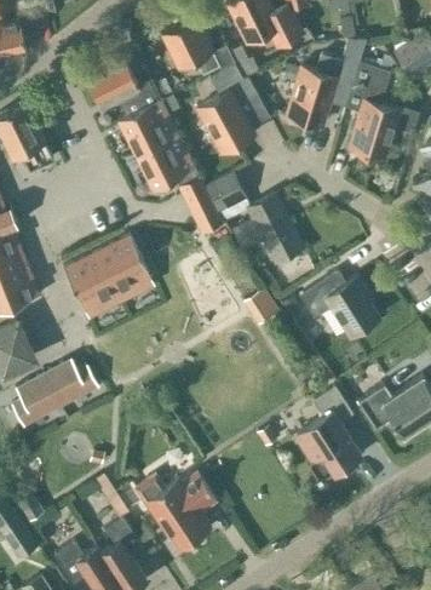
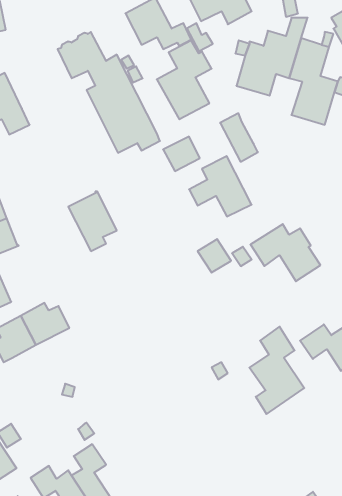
building: [179,179,222,234] -> [220,113,258,162]
building: [63,253,122,313] -> none
building: [134,474,217,551] -> none

